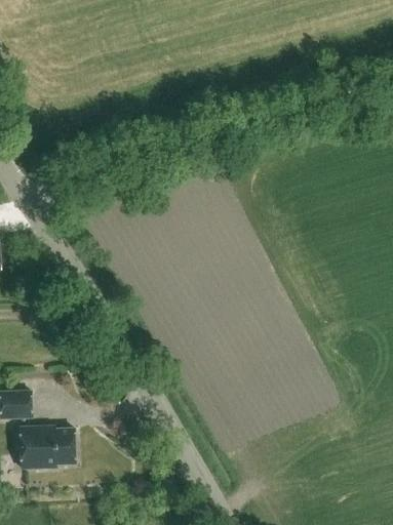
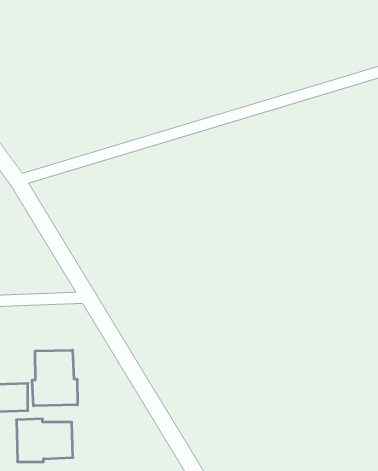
building: none -> [32,350,77,406]

